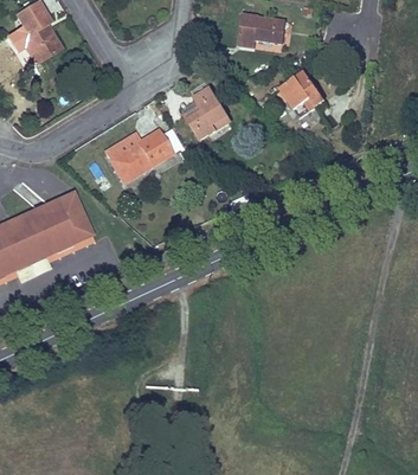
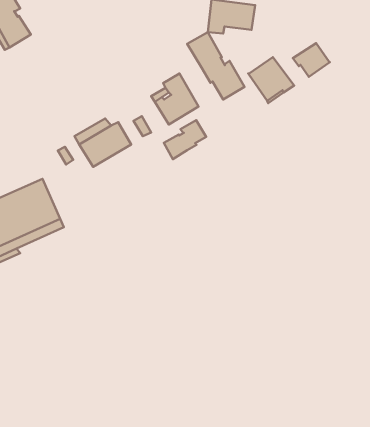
building: none -> [187,32,245,99]
building: none -> [293,43,330,77]
building: none -> [164,120,206,159]

